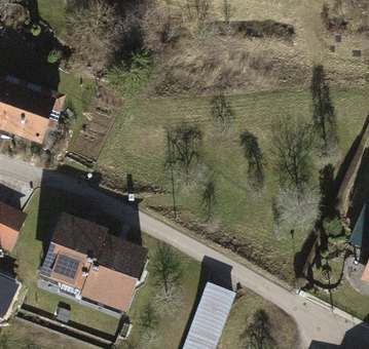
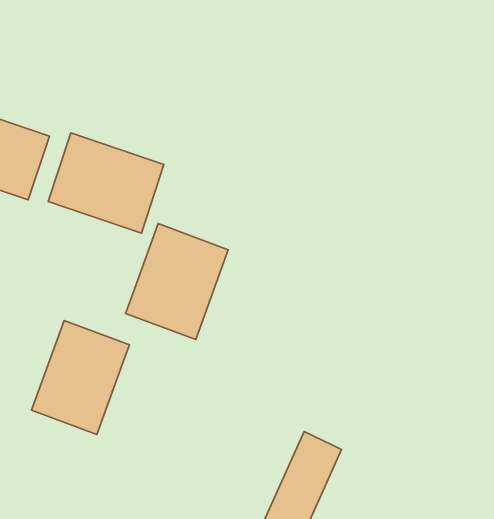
building: none -> [48,133,164,233]
building: [81,239,146,312] -> [125,224,228,339]

